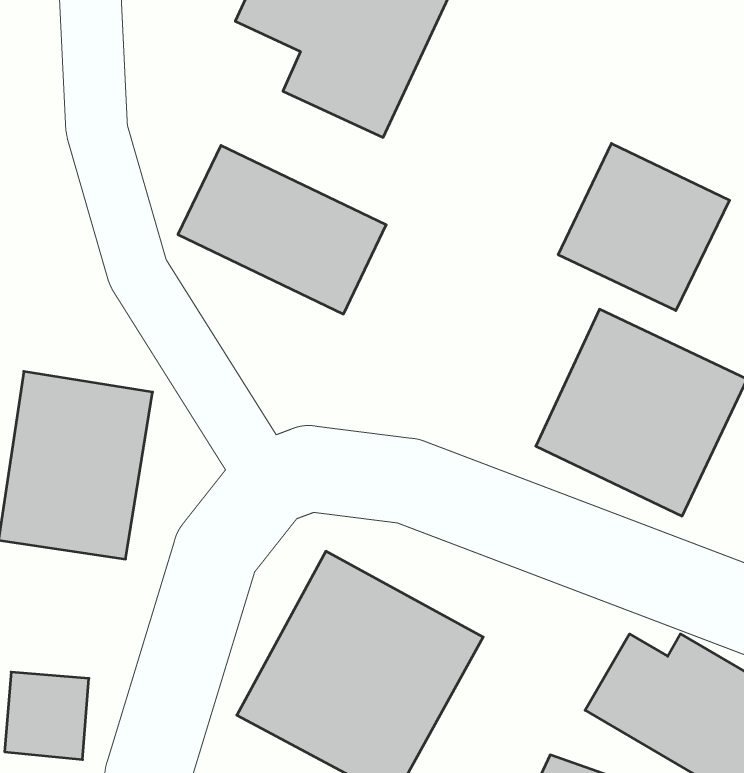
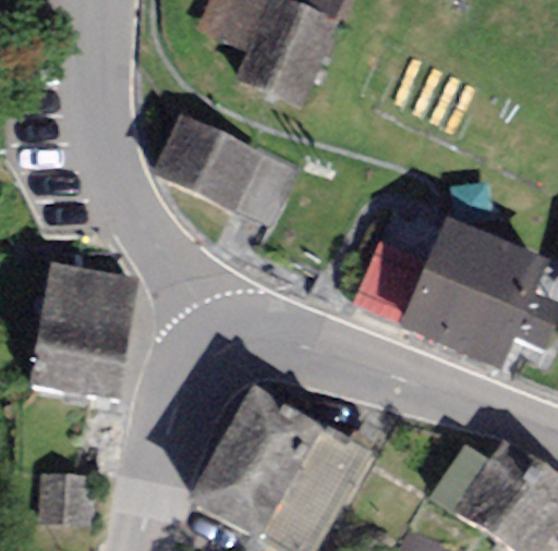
building: [558,143,730,311] -> none

